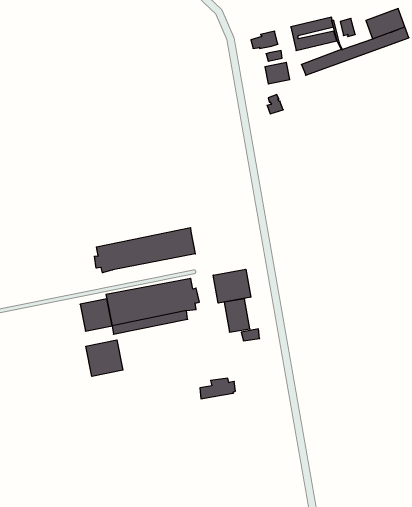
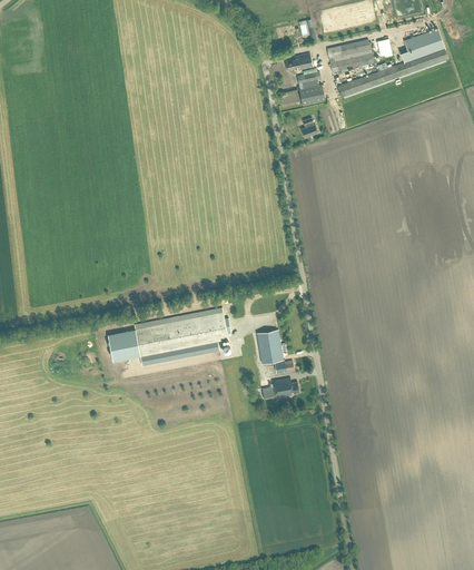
building: [94,228,195,273] -> none
building: [213,269,251,303] -> none
building: [86,340,123,376] -> none
building: [200,378,235,399] -> [261,377,298,399]

